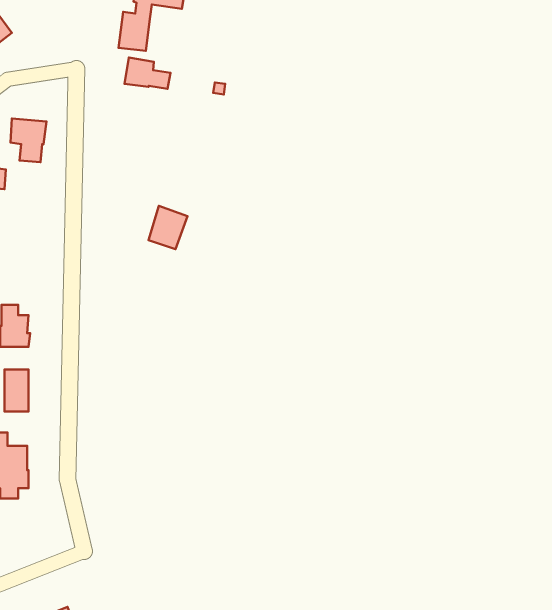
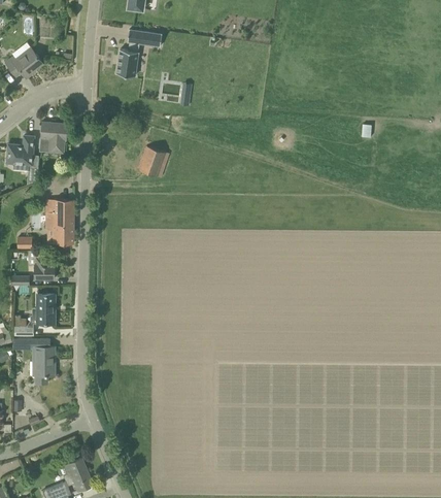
building: [125,57,170,89] -> none
building: [148,206,187,249] -> [139,147,166,177]
building: none -> [46,200,74,244]

